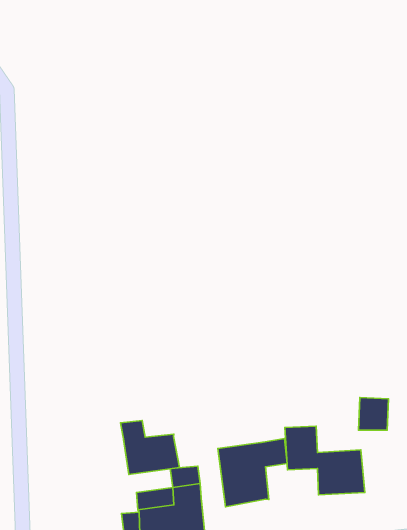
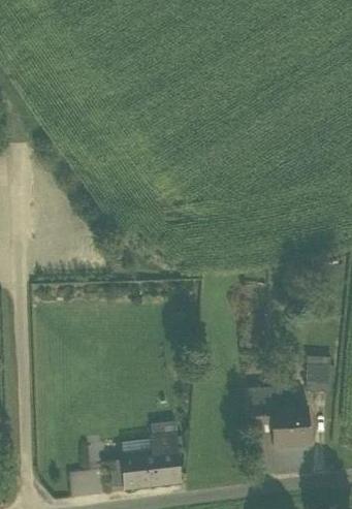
building: [121,420,180,474] -> none
building: [218,439,287,507] -> none

